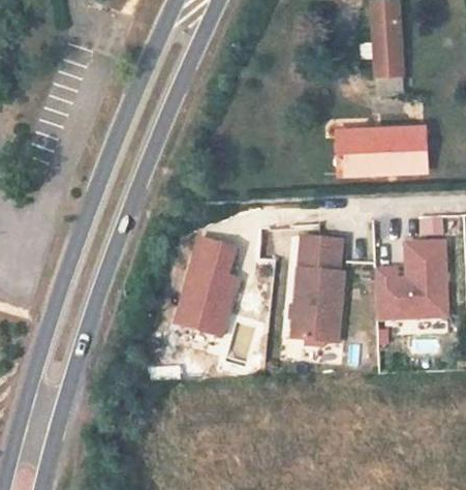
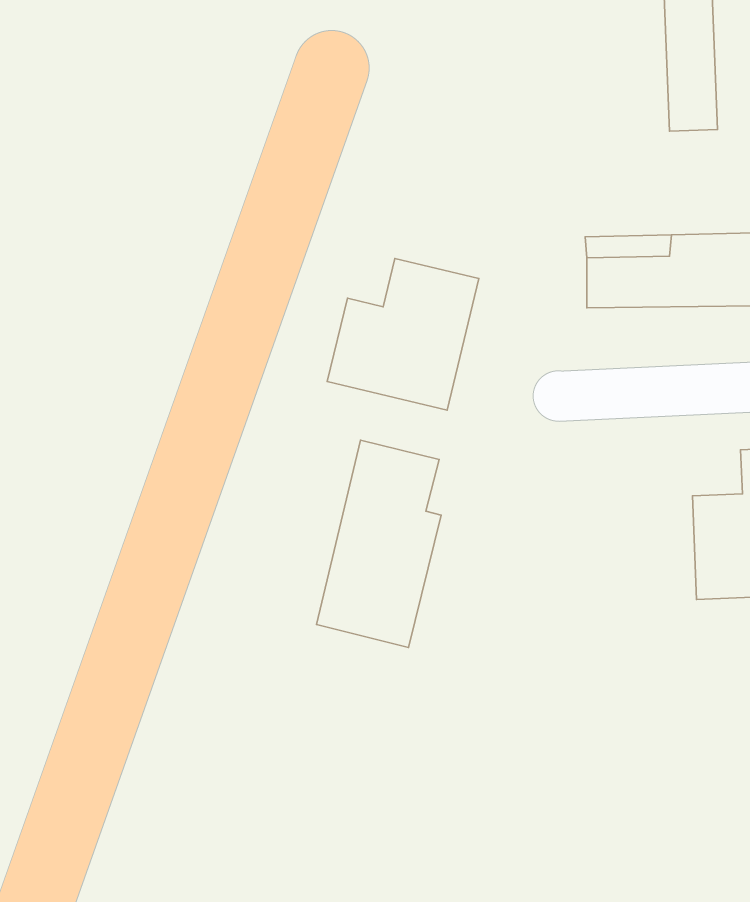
building: none -> [327,259,479,410]
building: [280,234,334,341] -> none

